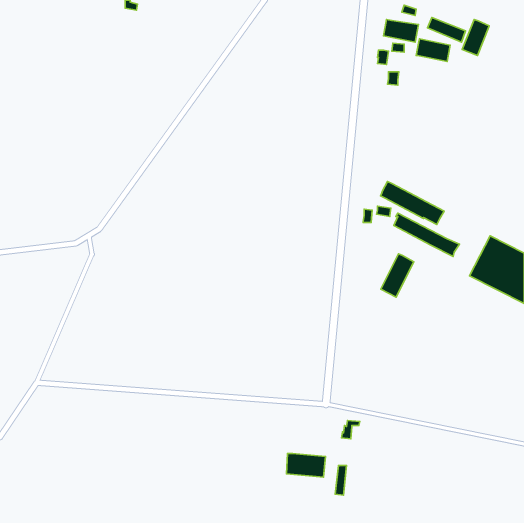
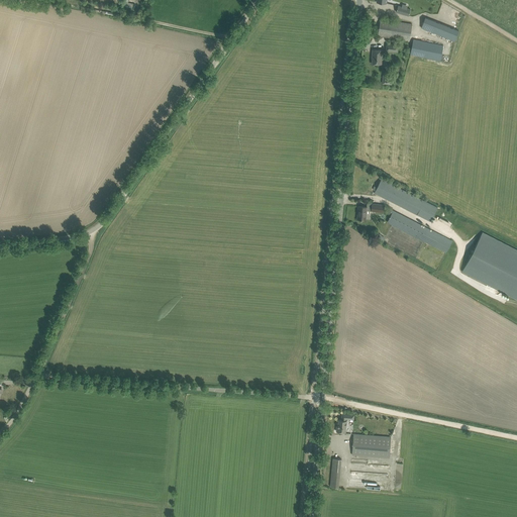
building: [462,20,489,56] -> none
building: [381,254,414,297] -> none
building: [286,453,325,477] -> [352,435,391,458]

